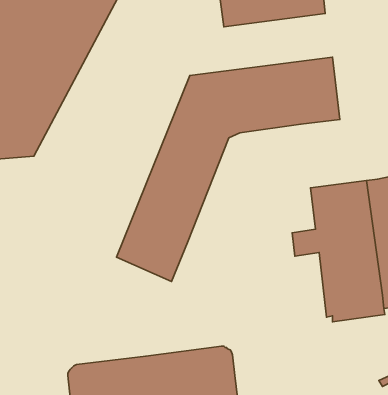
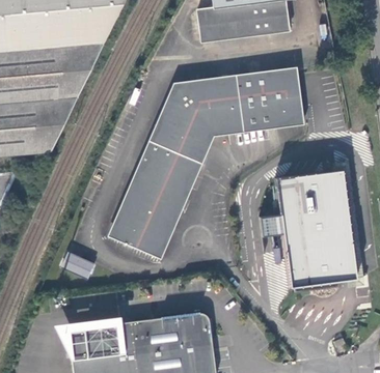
building: none -> [62,254,93,279]

